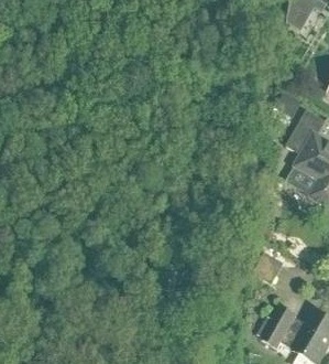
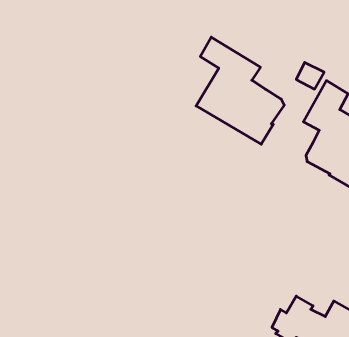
building: none -> [196,37,284,144]

